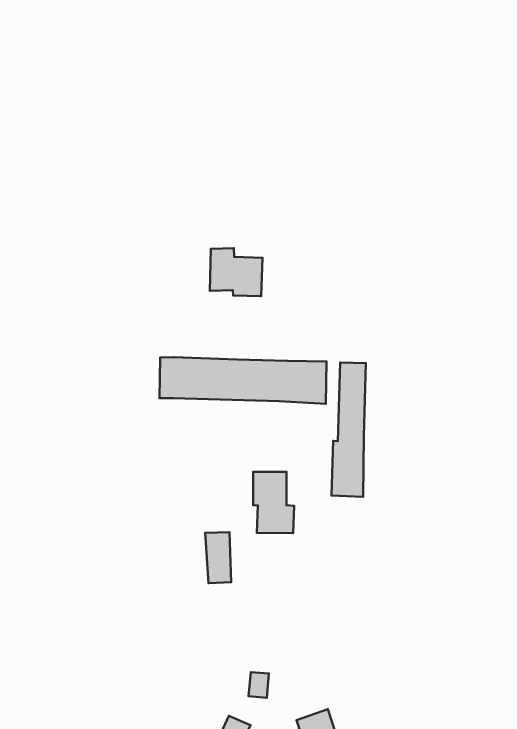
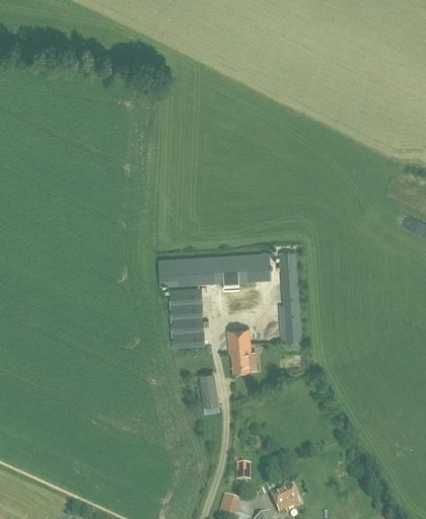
building: [210,248,262,296] -> none
building: none -> [169,289,205,349]

